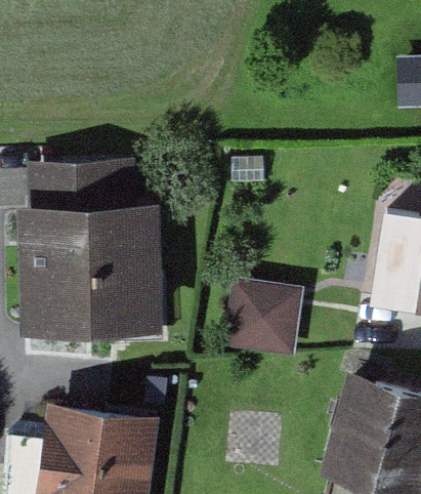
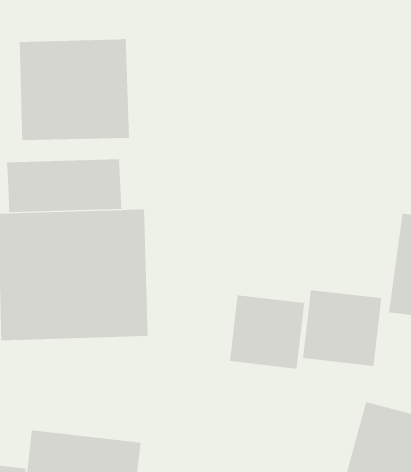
building: none -> [19,38,130,141]
building: none -> [302,289,382,367]

